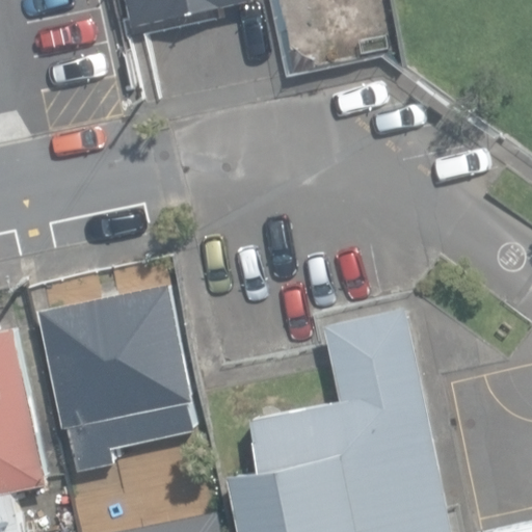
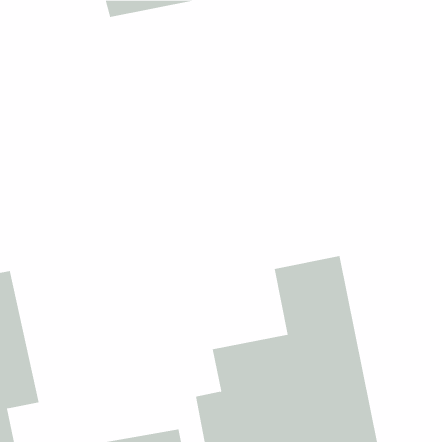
building: [34,282,194,475] -> none

